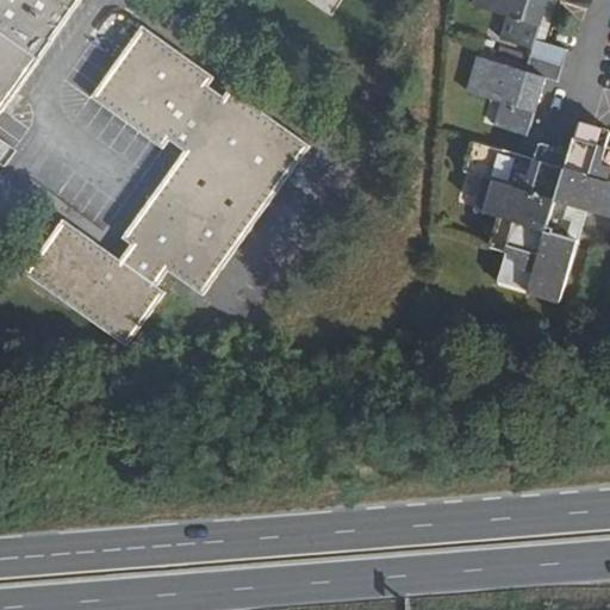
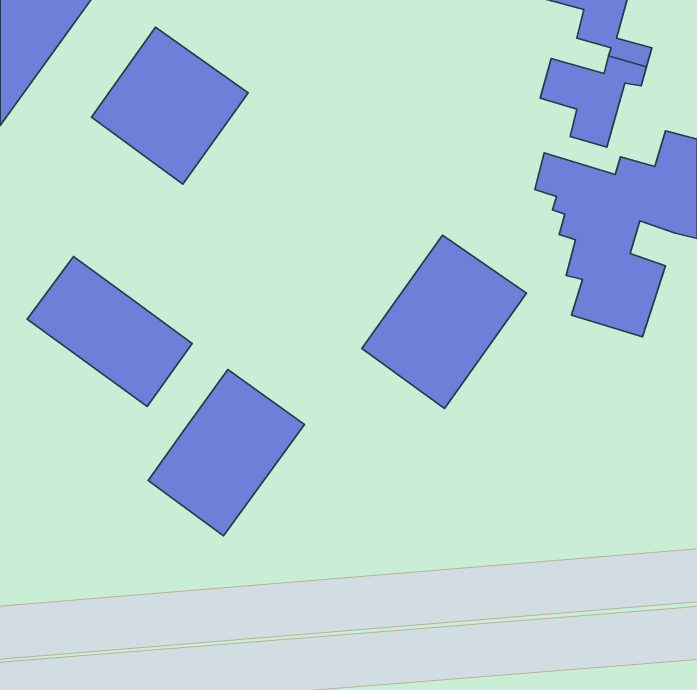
building: [124,92,306,295] -> none
building: none -> [362,235,526,408]
building: none -> [148,369,305,536]

